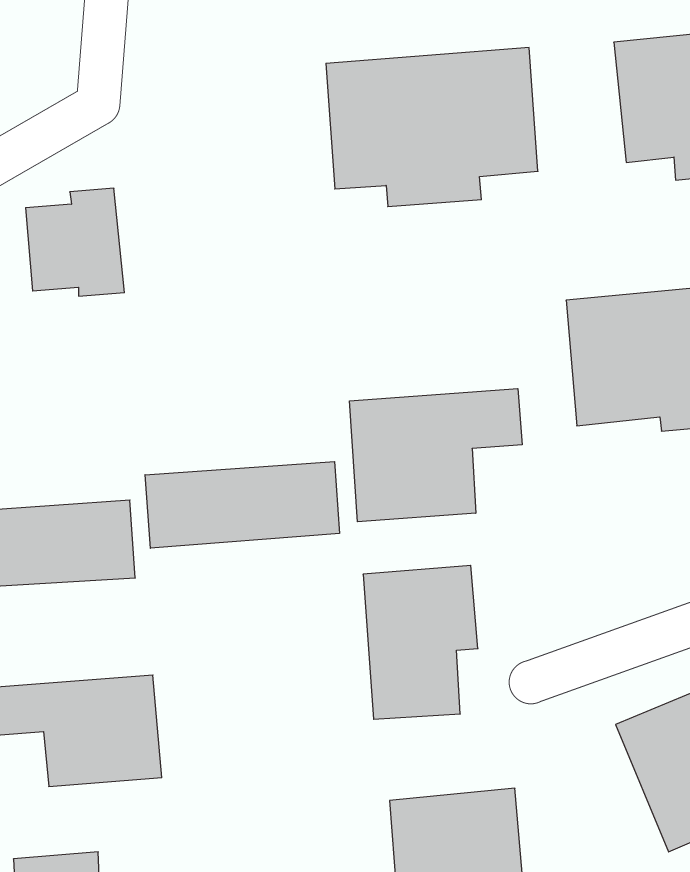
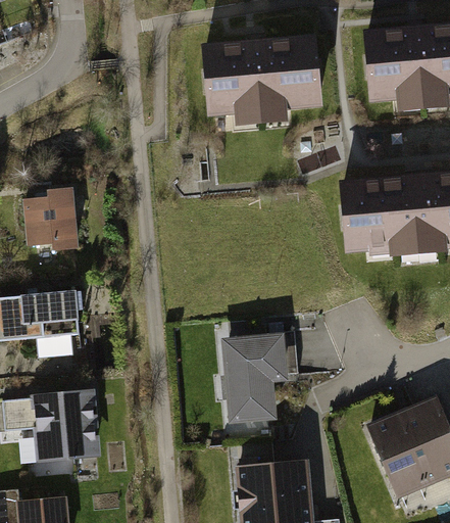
building: [26,188,124,296] -> [24,190,82,252]
building: [350,389,522,522] -> none
building: [145,462,339,548] -> none

